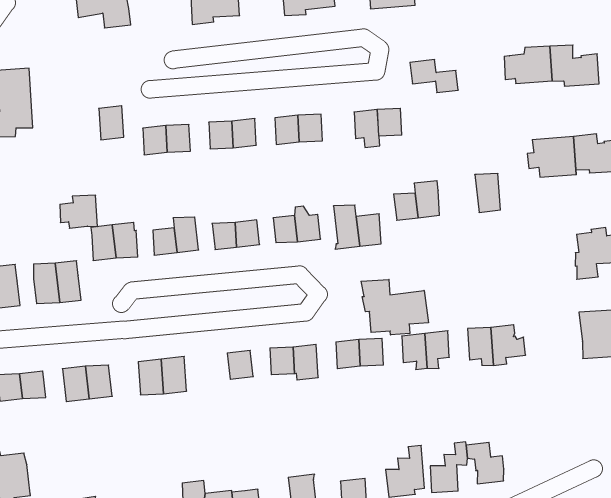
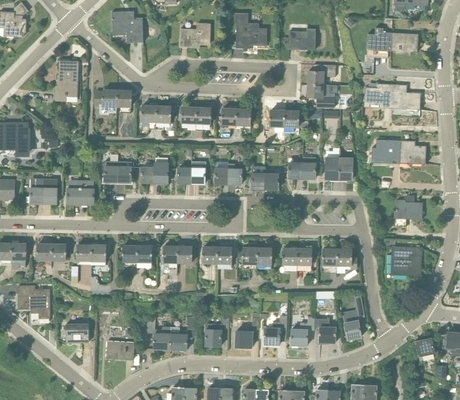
building: none -> [307,64,335,84]
building: none -> [324,152,338,179]
building: [60,195,97,228] -> [94,89,117,109]
building: [361,279,428,335] -> none
building: none -> [163,246,177,275]
building: none -> [341,295,364,339]

